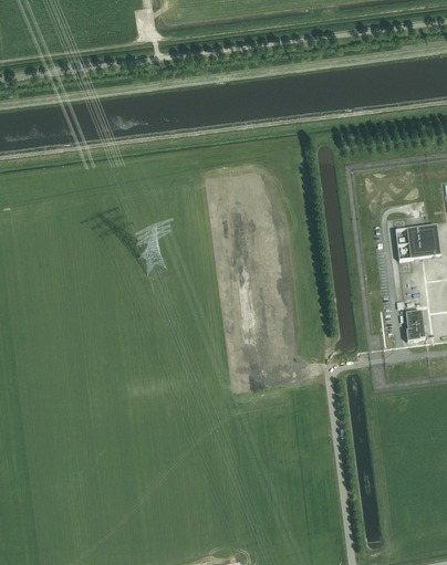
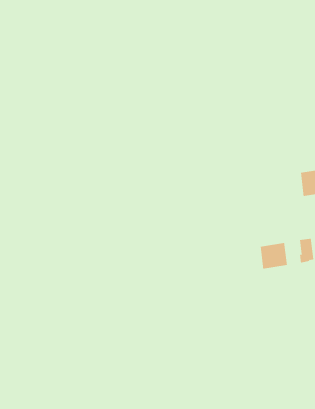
building: none -> [260,242,287,269]

